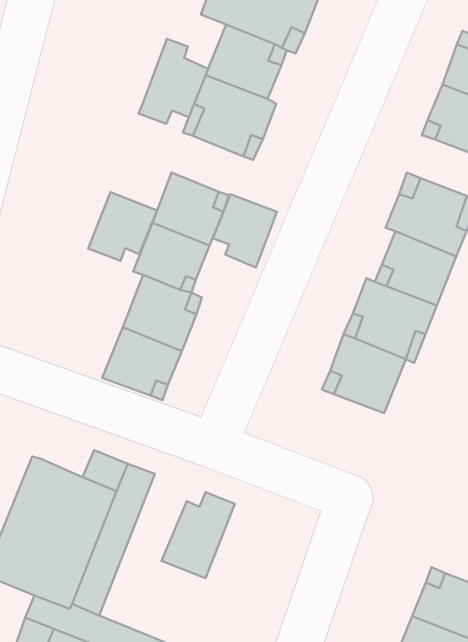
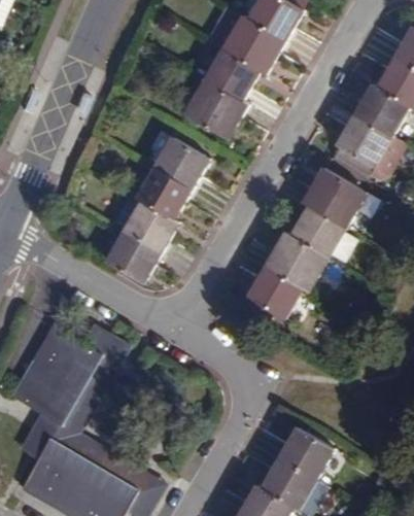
building: [138,39,208,124] -> none
building: [88,192,157,261] -> none
building: [213,194,277,267] -> none
building: [162,492,235,578] -> none

